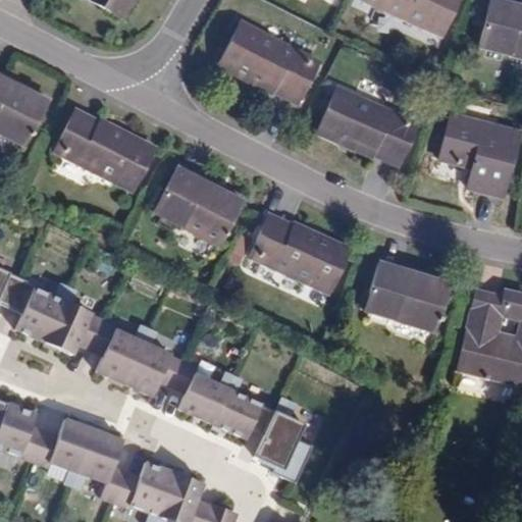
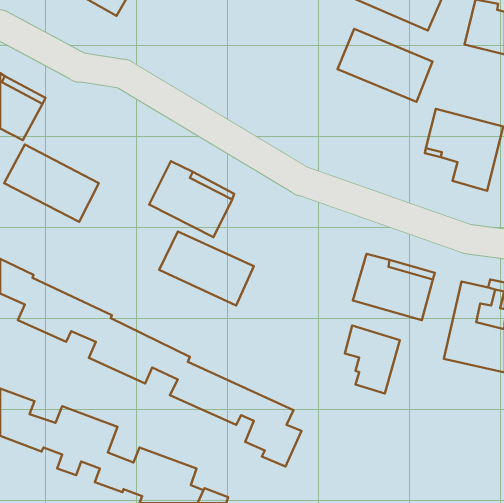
building: [221,24,319,101] -> none
building: [319,89,417,164] -> [338,29,432,102]
building: [55,110,153,190] -> [4,145,99,222]
building: [250,215,348,292] -> [159,231,254,306]
building: none -> [345,326,400,393]

